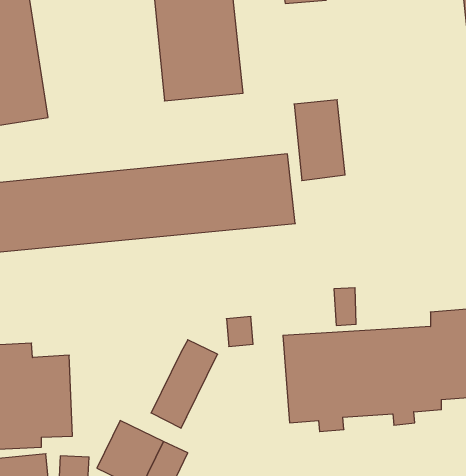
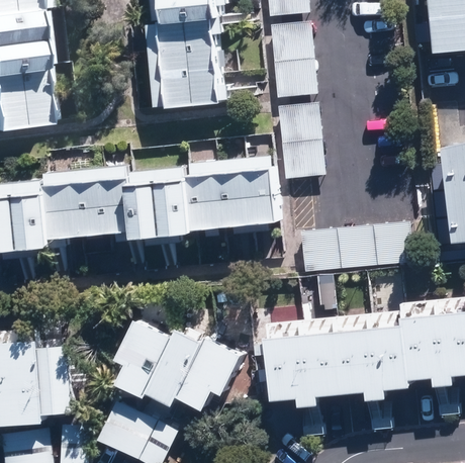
building: none -> [267,26,314,100]
building: none -> [297,223,409,274]
building: none -> [114,318,172,397]
building: none -> [177,339,247,410]

